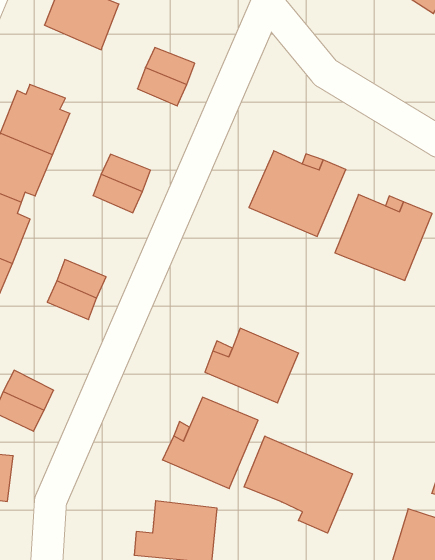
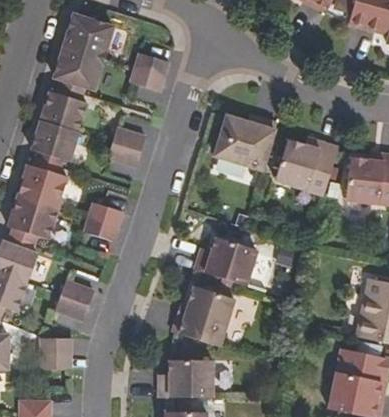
building: none -> [53,45,103,93]
building: [244,436,352,533] -> none

